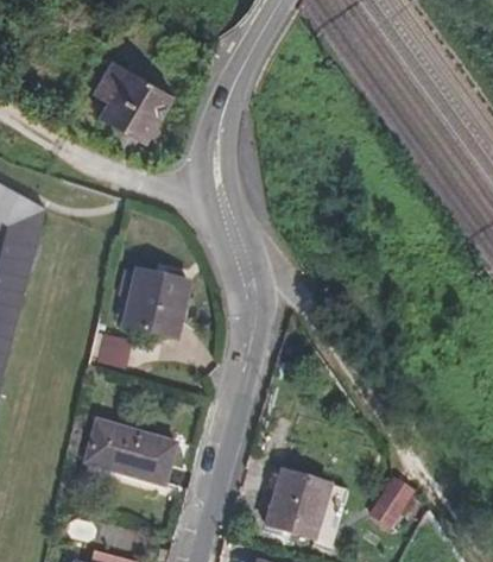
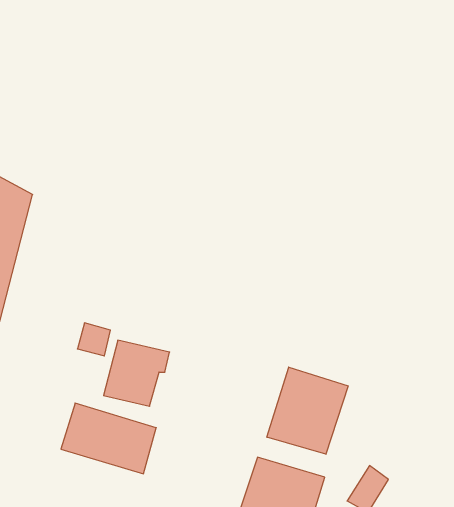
building: [93,61,168,143] -> none
building: [122,270,189,336] -> [104,340,170,406]
building: none -> [267,367,348,454]

